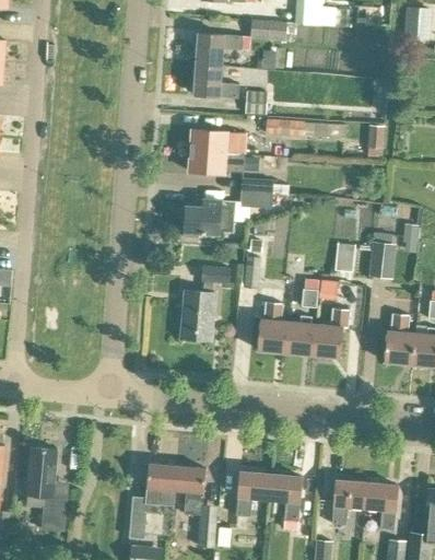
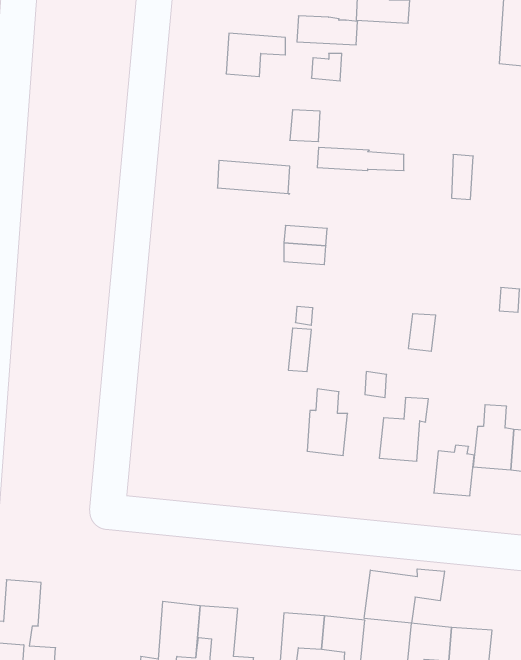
building: [193,63,237,97] -> none
building: [188,150,244,174] -> none
building: [184,199,234,234] -> none
building: [367,234,391,280] -> none
building: [179,266,231,341] -> none
building: [284,316,315,354] -> [434,445,474,496]
building: none -> [364,569,444,623]

